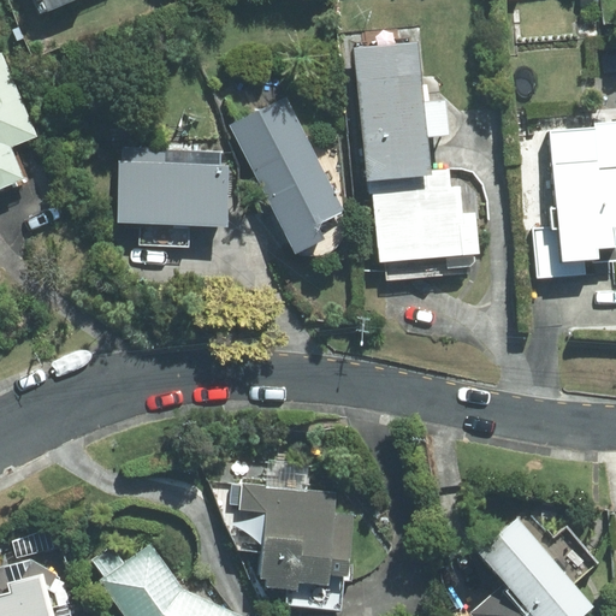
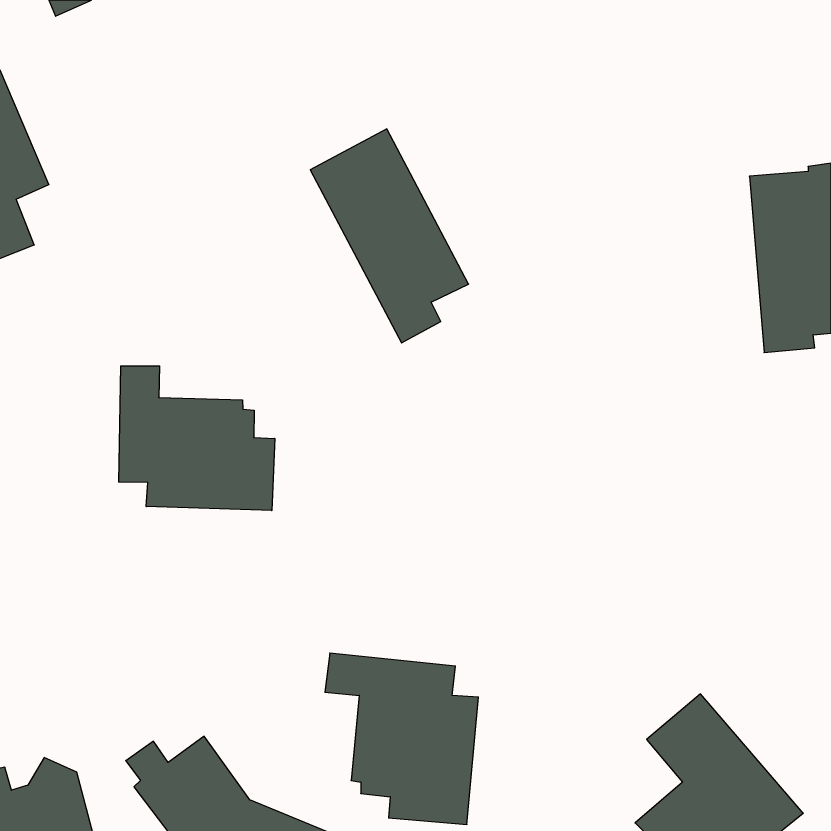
building: [353,43,481,283] -> none
building: [118,150,229,226] -> none
building: none -> [119,366,275,511]

